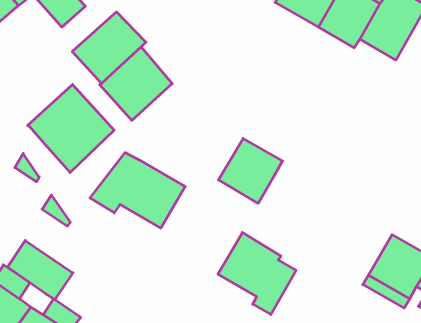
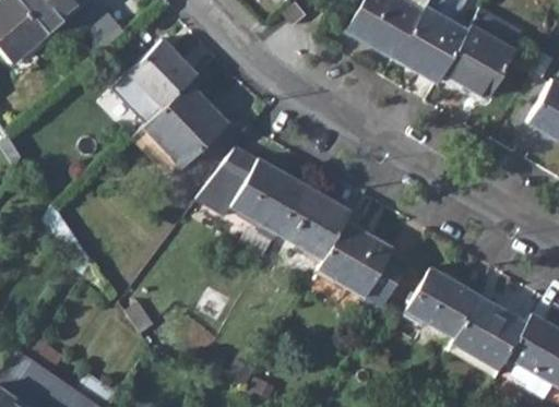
building: [28,84,114,173] -> none
building: [90,153,185,228] -> [198,147,308,235]
building: none -> [406,271,480,339]
building: [218,232,296,315] -> [320,223,411,318]
building: [7,240,73,299] -> none

